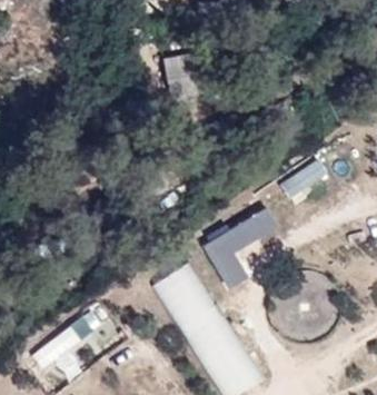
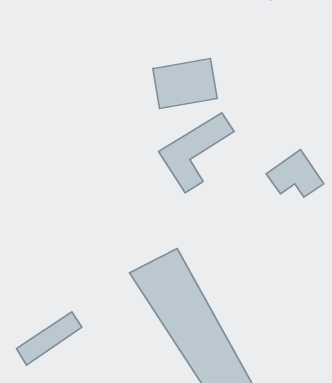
building: [204,205,279,285] -> [159,113,234,193]

